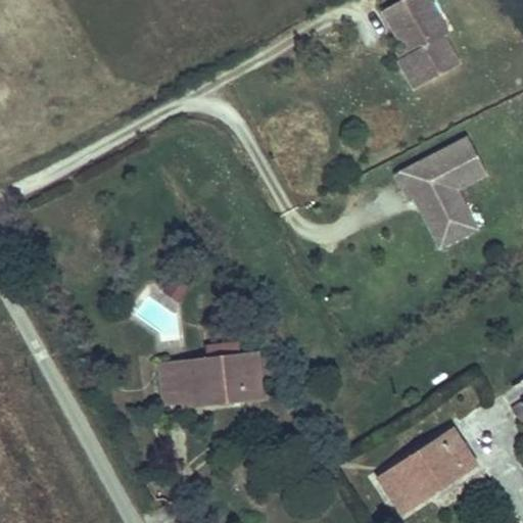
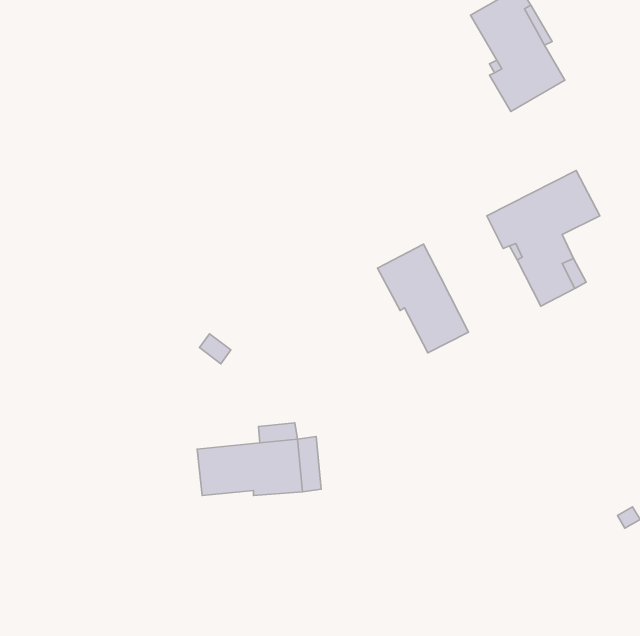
building: none -> [377,244,469,353]
building: [375,424,471,509] -> none

